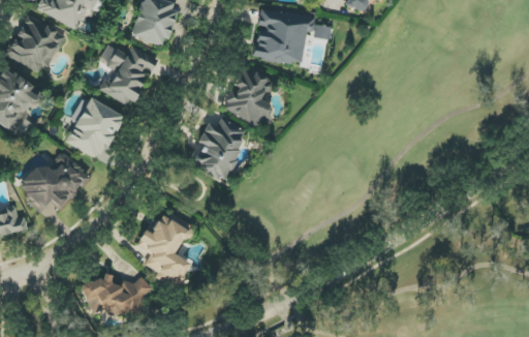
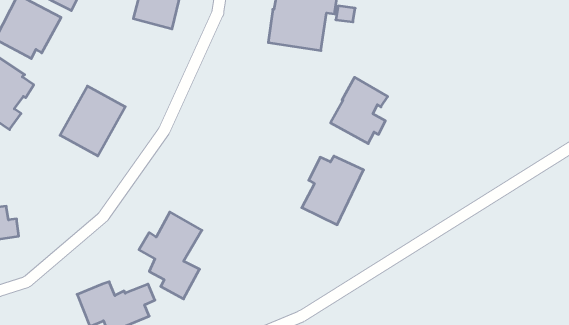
building: [99,44,157,104] -> none
building: [222,66,274,126] -> [331,77,388,144]
building: [191,120,247,182] -> [302,156,364,225]
building: [15,151,90,212] -> none

